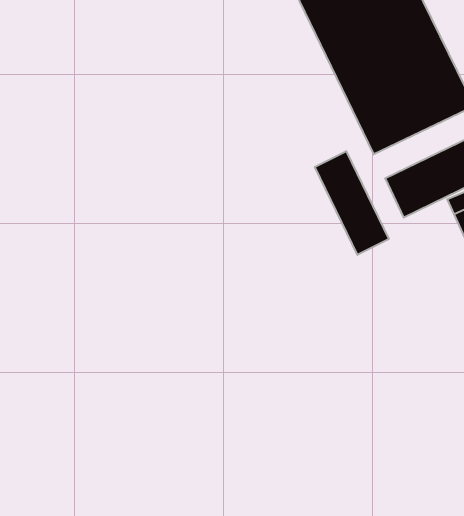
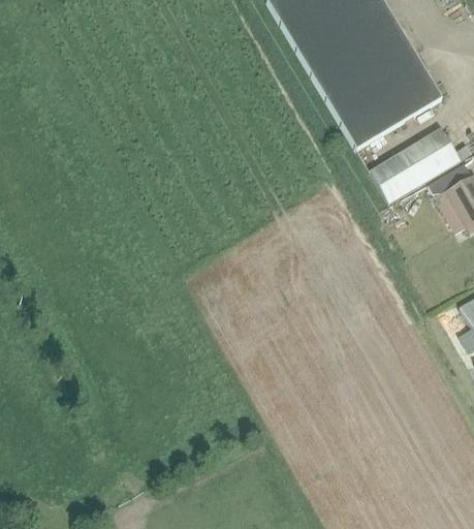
building: [315,151,389,255] -> none

